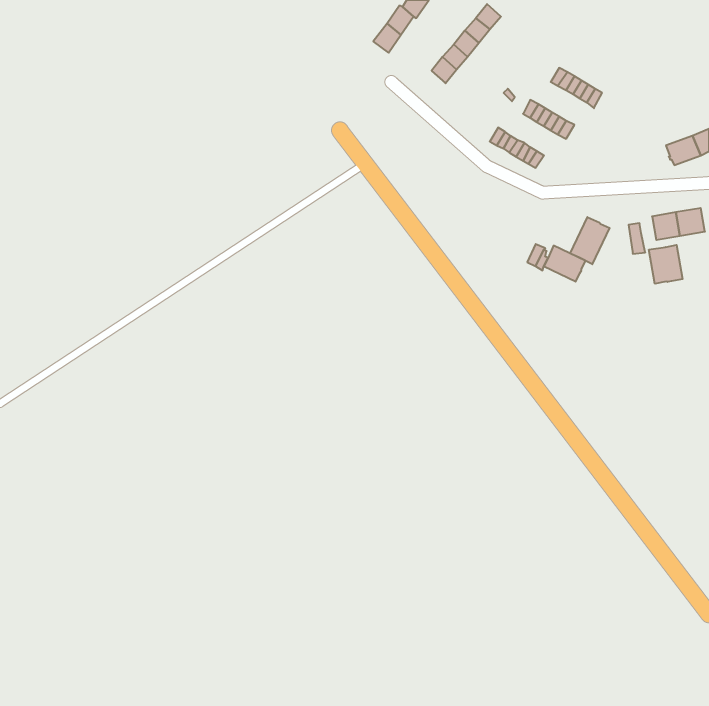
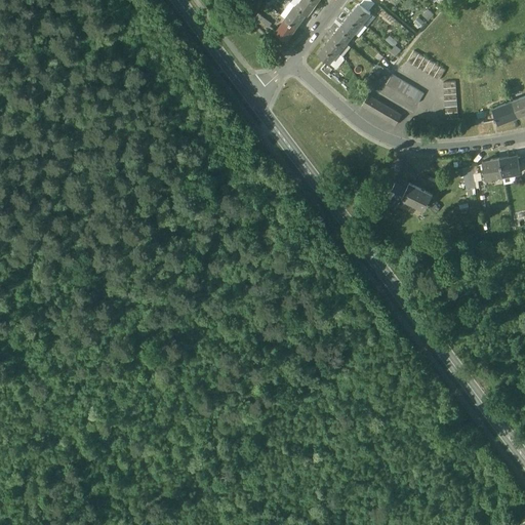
building: [570,217,610,264] -> none
building: [649,245,683,284] -> none

